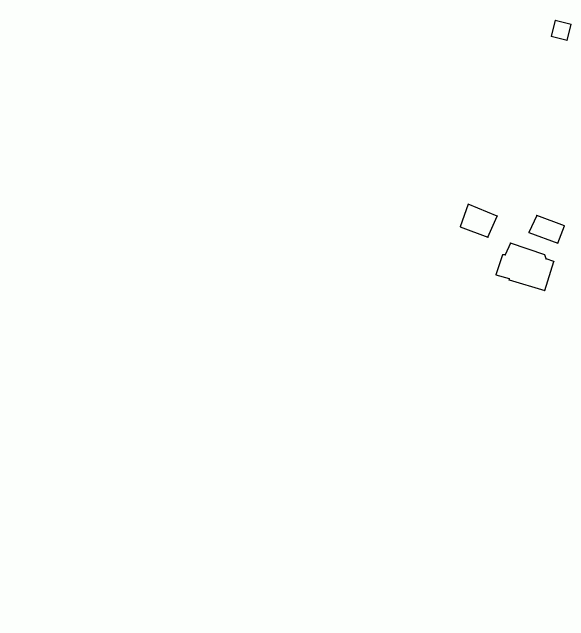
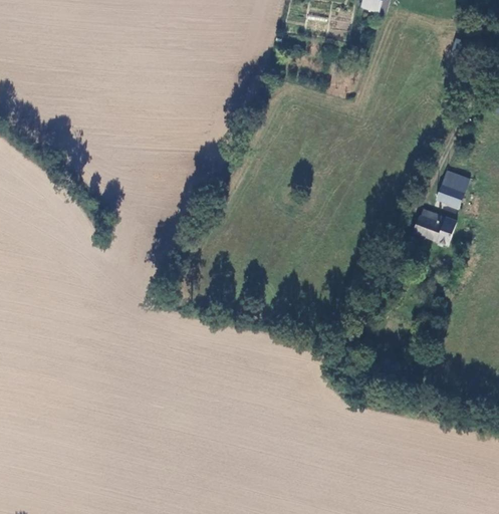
building: [460,204,497,237] -> [442,170,470,195]

